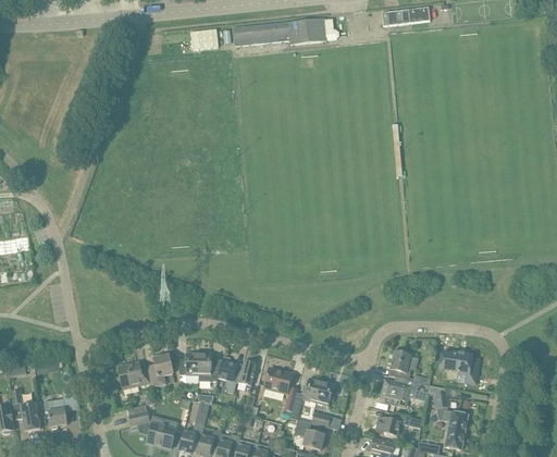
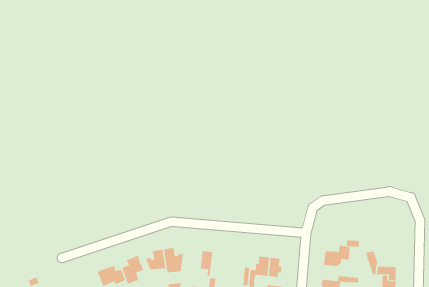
building: [388,349,411,379] -> none
building: [440,350,480,383] -> none
building: [218,355,237,393] -> none
building: [264,367,292,392] -> none

